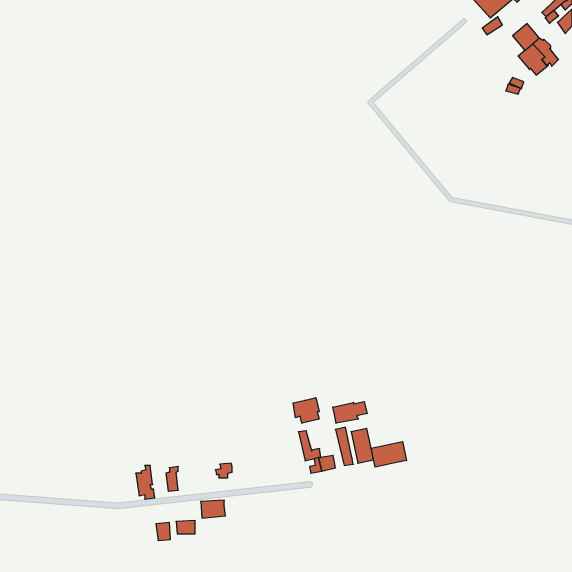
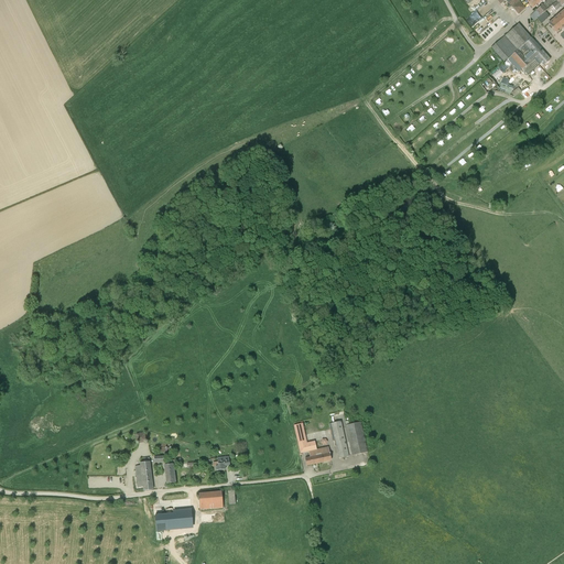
building: [293,398,319,423] -> none
building: [333,402,367,423] -> none
building: [371,442,407,467] -> none

